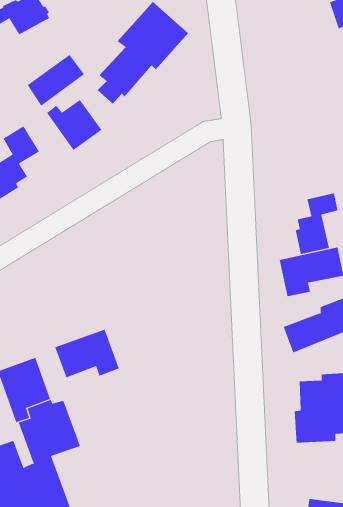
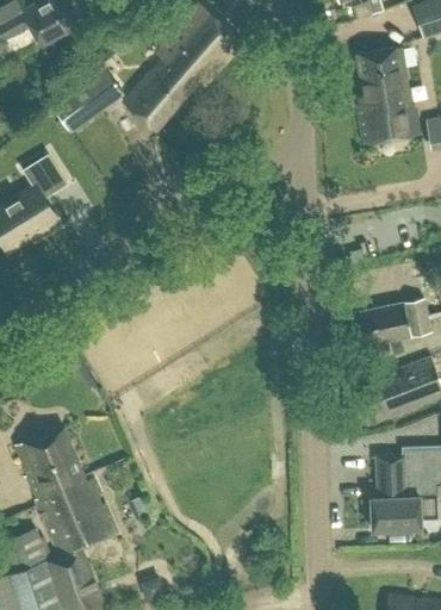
building: none -> [359,49,418,144]
building: [46,99,102,151] -> none
building: [295,193,338,255] -> none
building: [55,329,120,378] -> none

